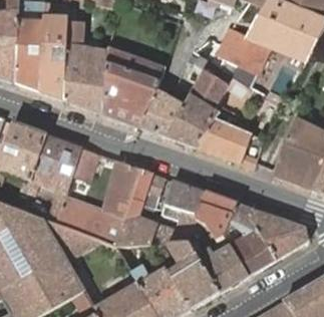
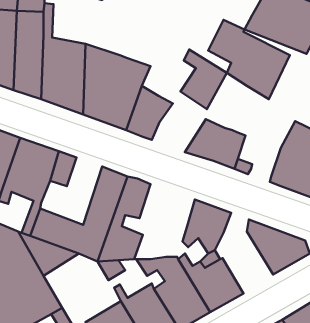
building: [166,92,236,147] -> none
building: [149,180,205,245] -> none
building: [230,203,276,276] -> none

